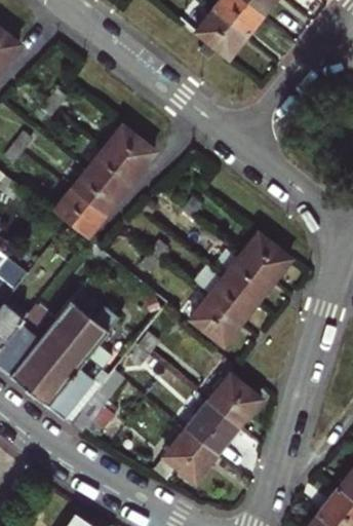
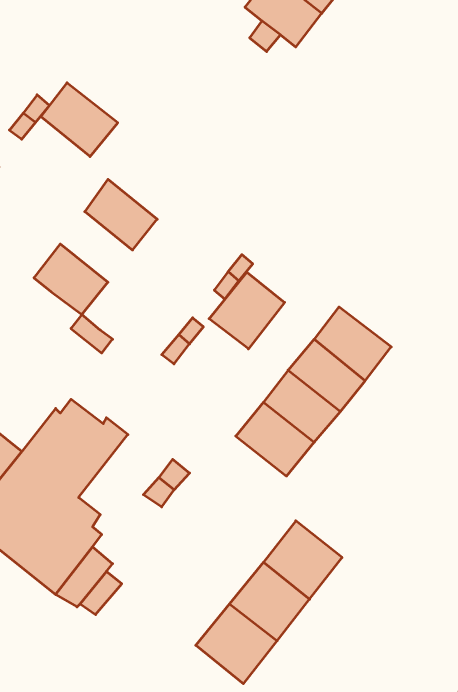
building: [105,123,156,173] -> [41,83,118,157]
building: [73,167,121,215] -> none
building: none -> [209,272,285,349]

